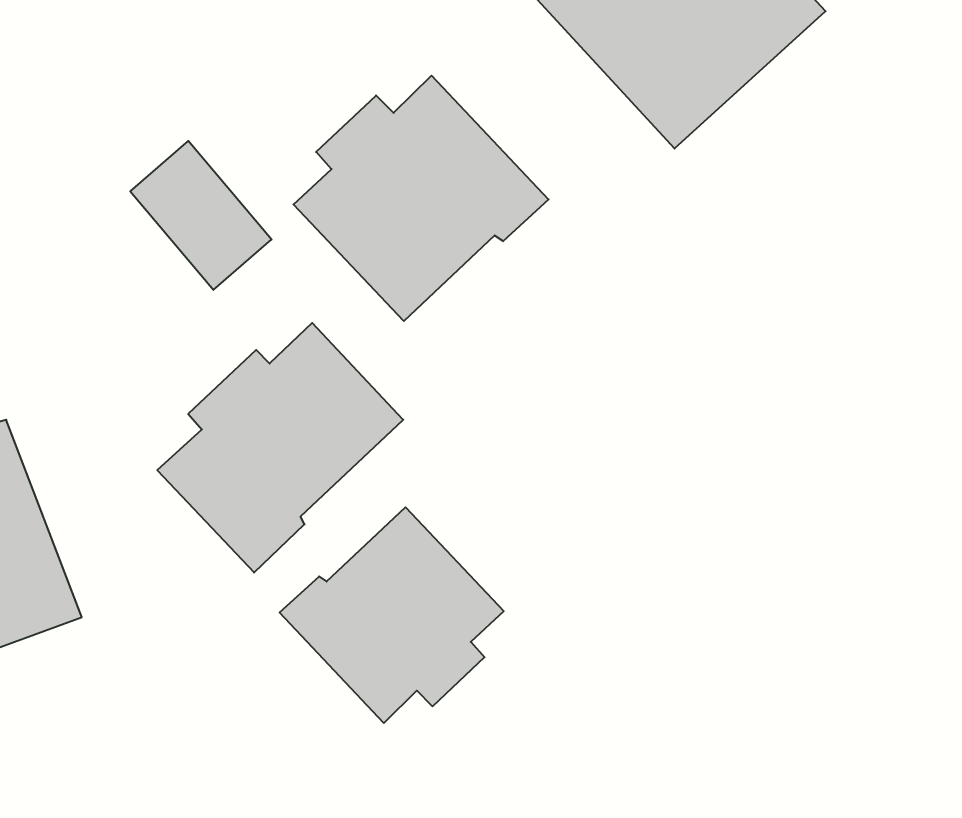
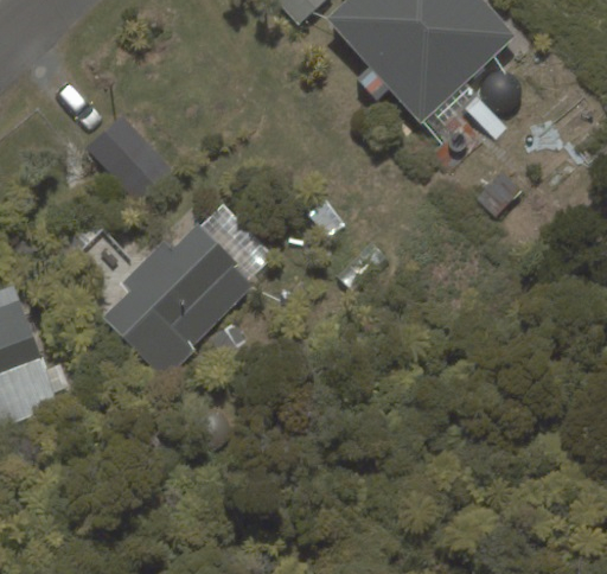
building: [293,76,549,321] -> none
building: [280,507,504,723] -> none

